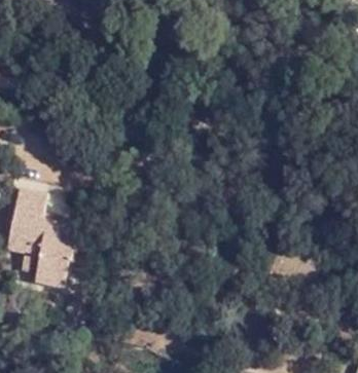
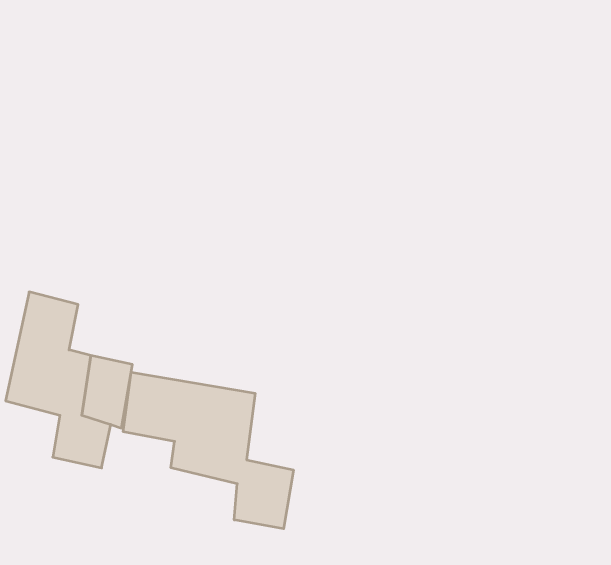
building: none -> [123,372,293,529]

